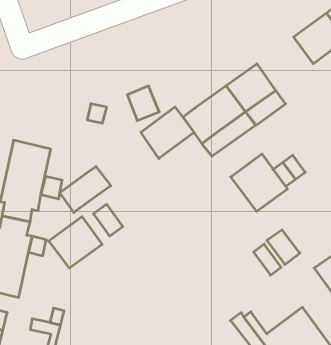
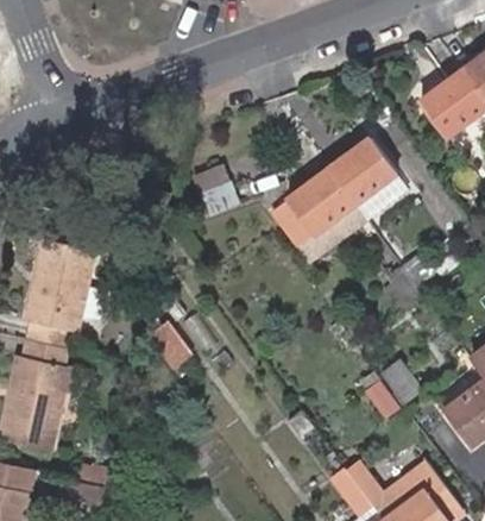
building: [141,107,194,159] -> none
building: [231,154,287,211] -> none
building: [60,166,111,213] -> none
building: [49,217,102,268] -> none

